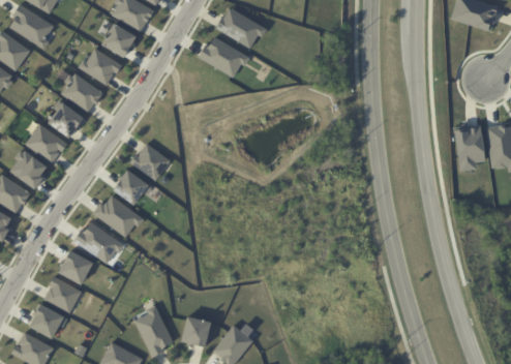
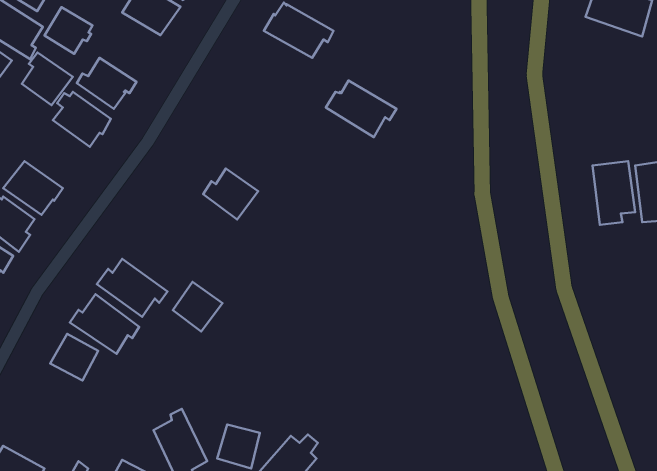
building: [101,23,137,57] -> [44,7,93,54]
building: [198,36,249,78] -> [326,80,397,137]
building: [48,99,85,138] -> [22,53,73,105]
building: [130,143,171,180] -> [203,169,258,220]
building: [114,169,150,205] -> [173,282,222,331]
building: [44,275,82,313] -> none
building: [29,303,64,338] -> none

